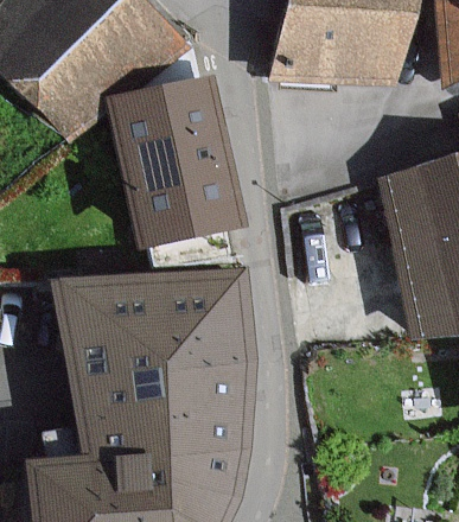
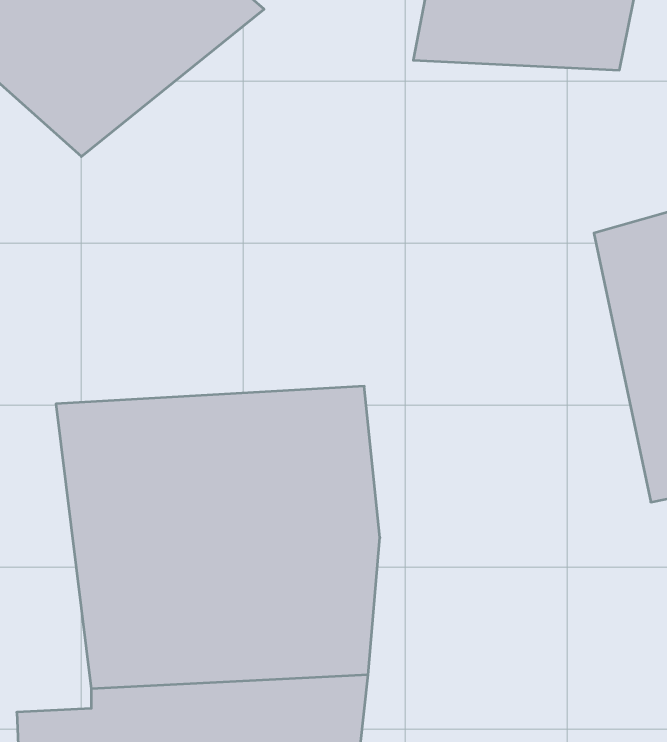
building: [125,88,235,247] -> none

